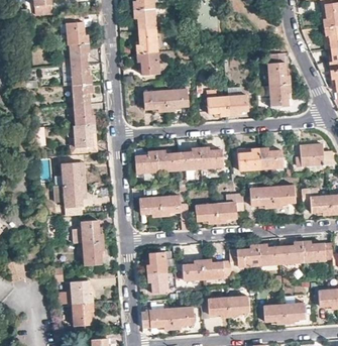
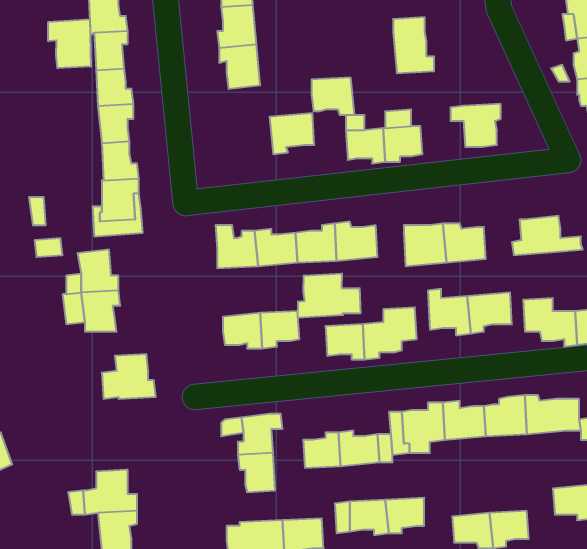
building: none -> [48,19,91,68]
building: [267,54,290,85] -> [393,17,434,73]
building: [143,91,166,111] -> [312,78,354,115]
building: none -> [298,273,360,318]
building: [83,242,103,264] -> none

